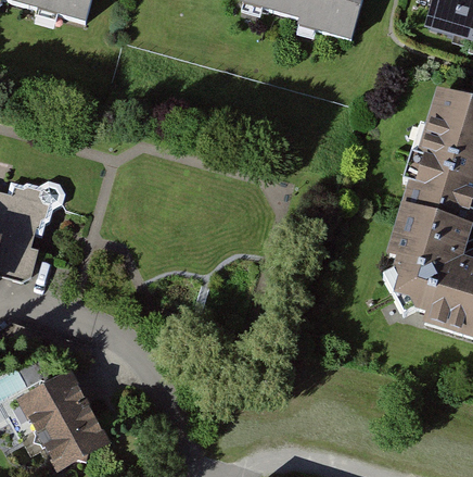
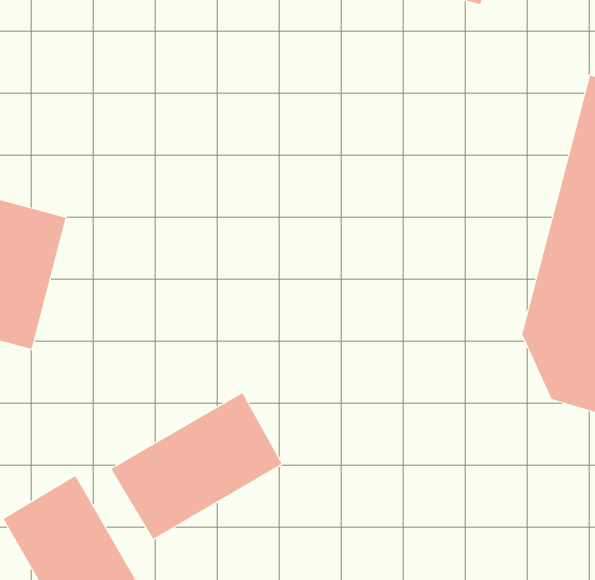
building: none -> [110,392,283,540]

